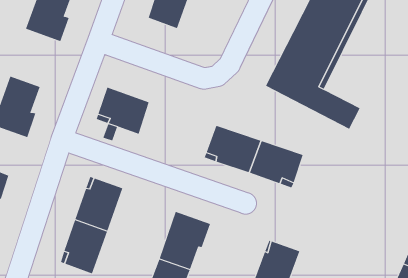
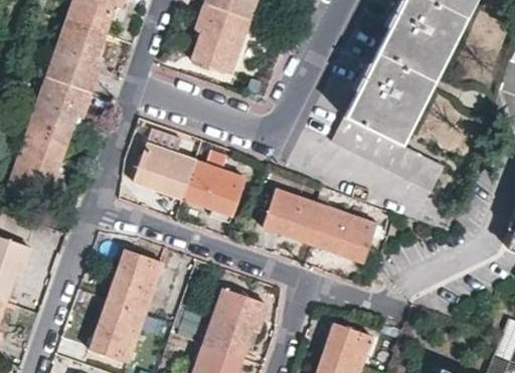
building: none -> [30,74,91,143]
building: none -> [183,152,245,222]

